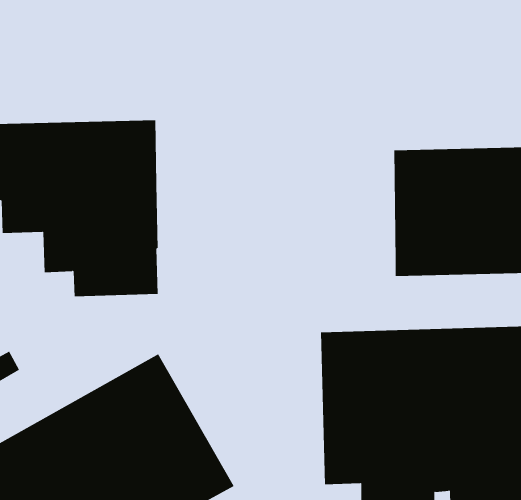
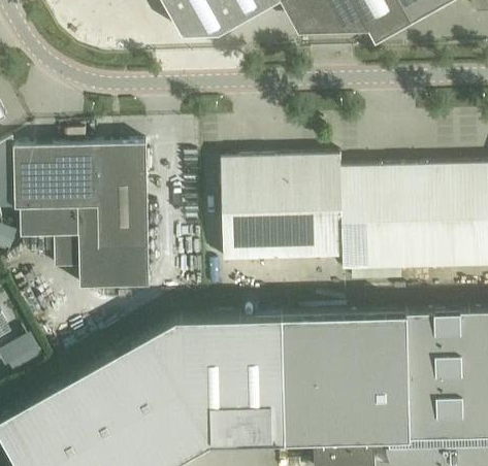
building: none -> [220,156,341,262]
building: none -> [149,317,284,442]

